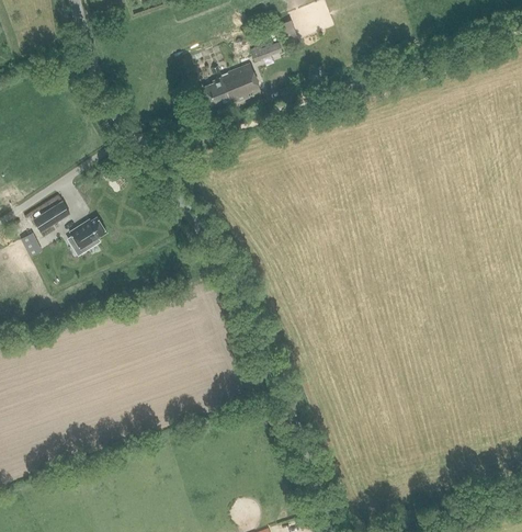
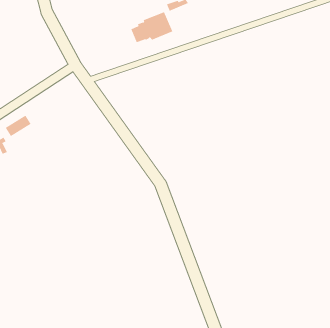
building: [69,217,104,251] -> none

